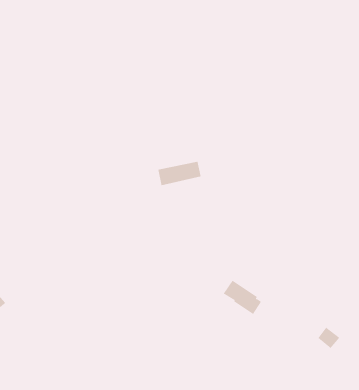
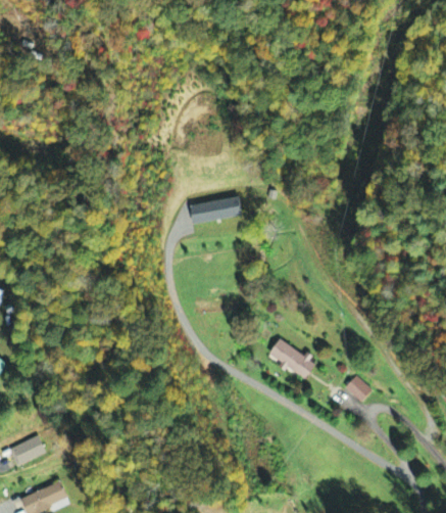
building: [317,327,340,349] -> [344,376,371,403]
building: none -> [9,435,46,466]

